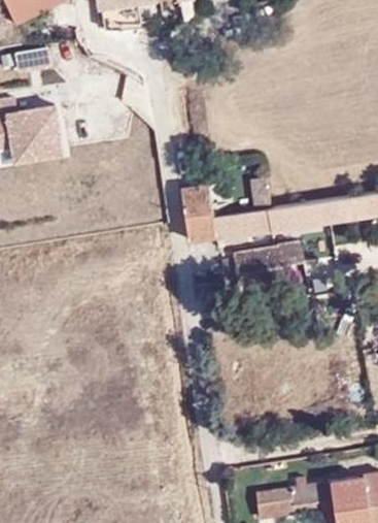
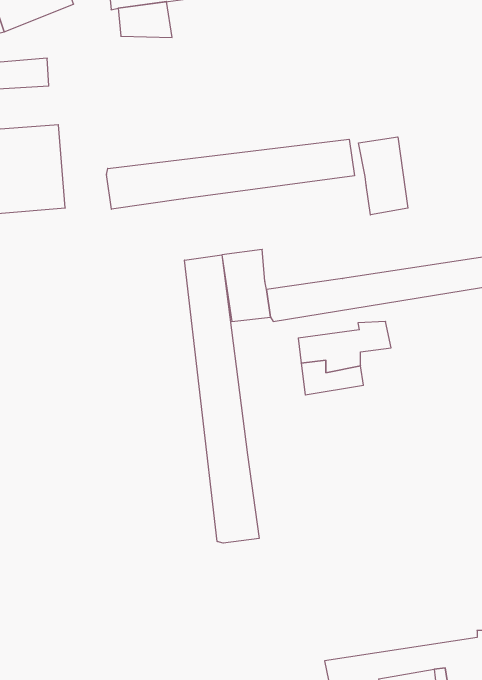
building: none -> [359,137,408,215]
building: none -> [107,139,354,209]
building: none -> [185,255,259,543]

